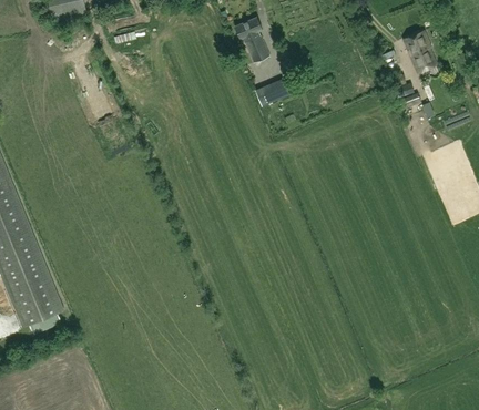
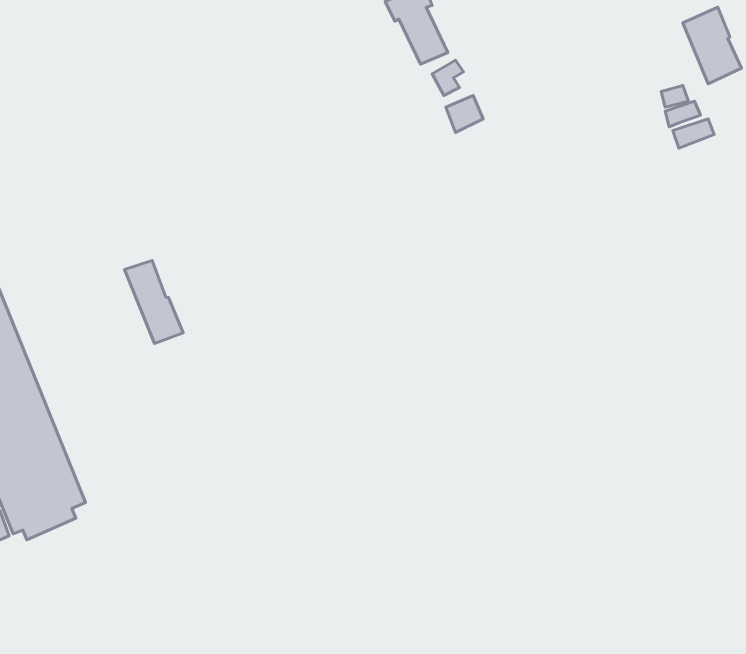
building: none -> [125,260,183,343]

